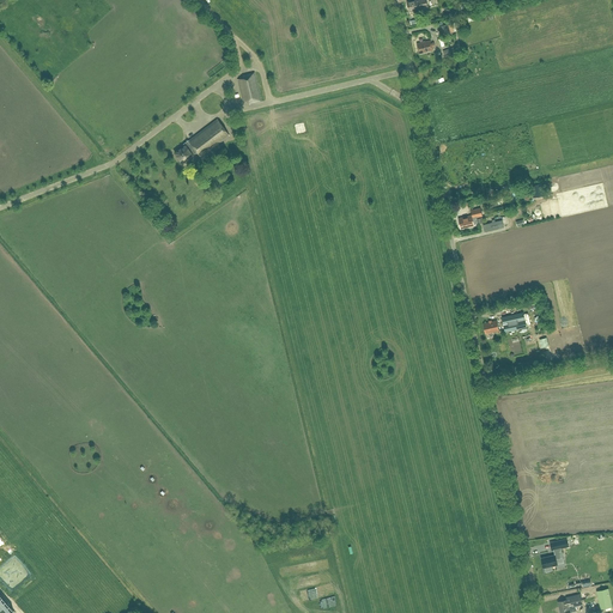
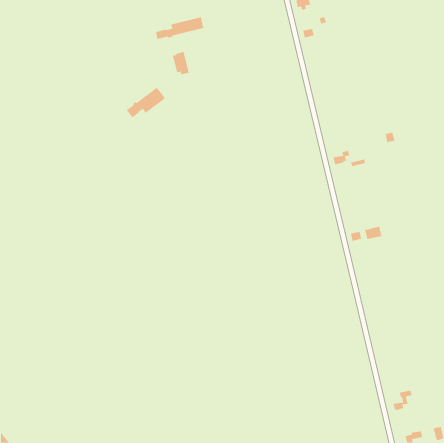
building: none -> [155,17,204,40]

